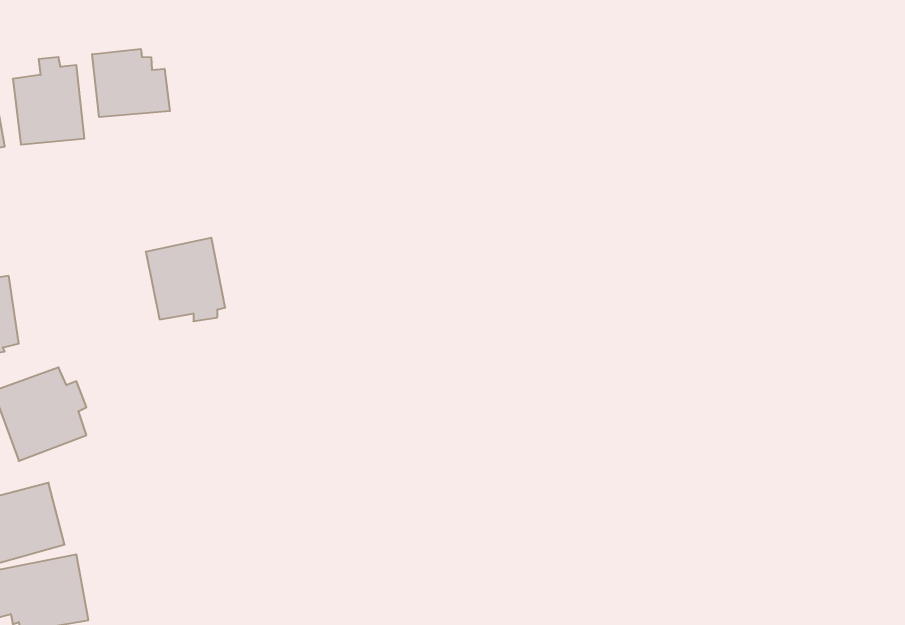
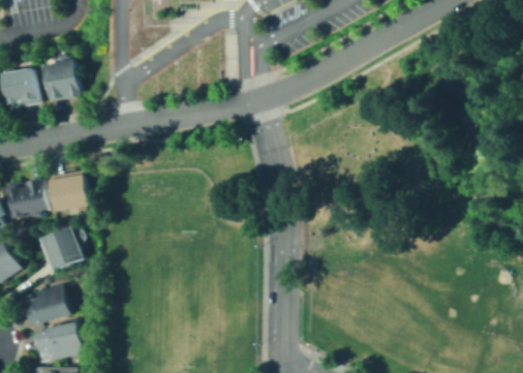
building: [92,49,170,117] -> none
building: [146,238,225,321] -> [48,168,89,212]

